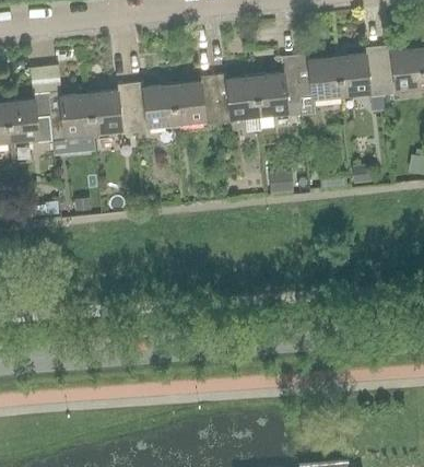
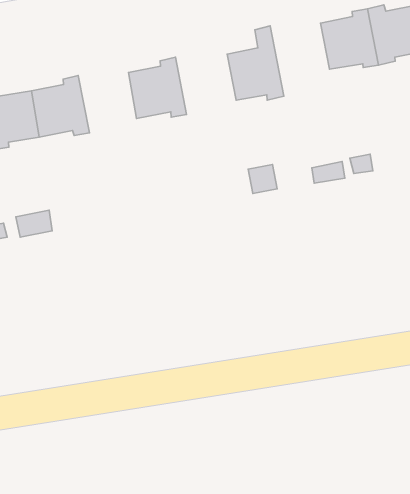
building: [295,55,342,116] -> none
building: [213,74,261,125] -> none
building: [130,83,176,133] -> none

